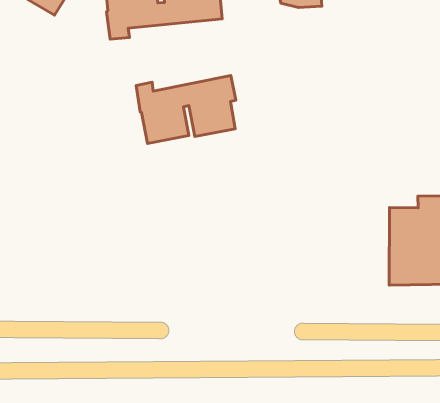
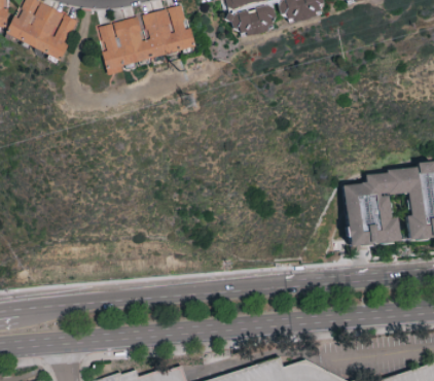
building: [136,76,236,143] -> none

